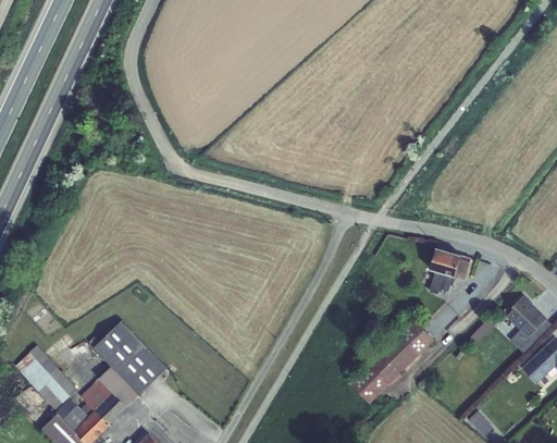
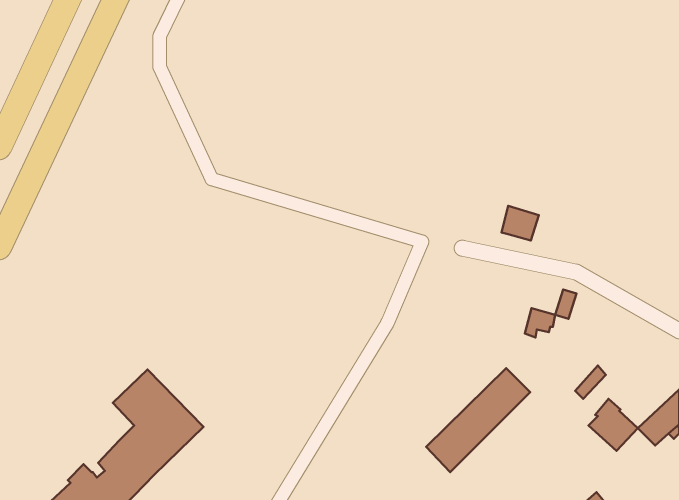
building: [430,248,460,276] -> [502,206,539,240]
building: [506,295,546,337] -> [589,399,638,451]
building: [15,347,76,409] -> none

